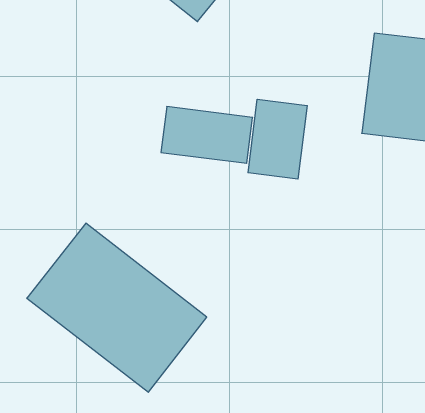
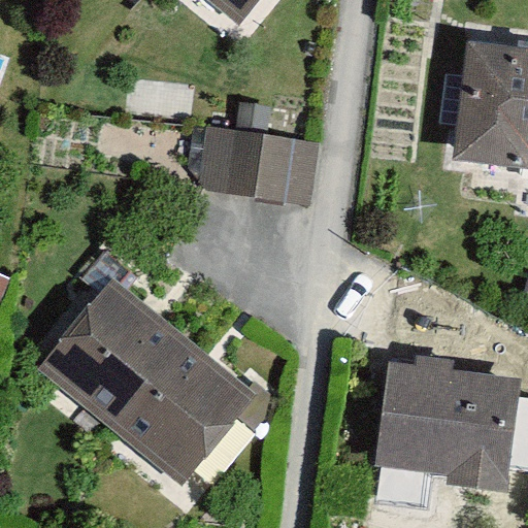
building: [248,99,307,179] -> none
building: none -> [374,342,523,498]

